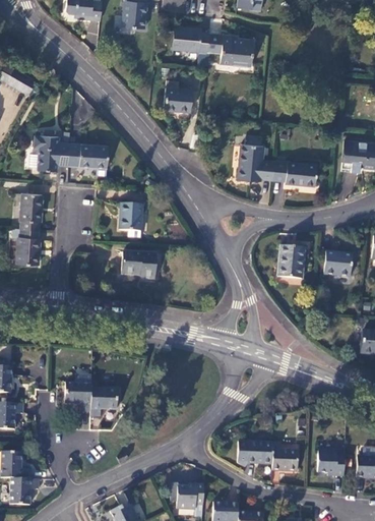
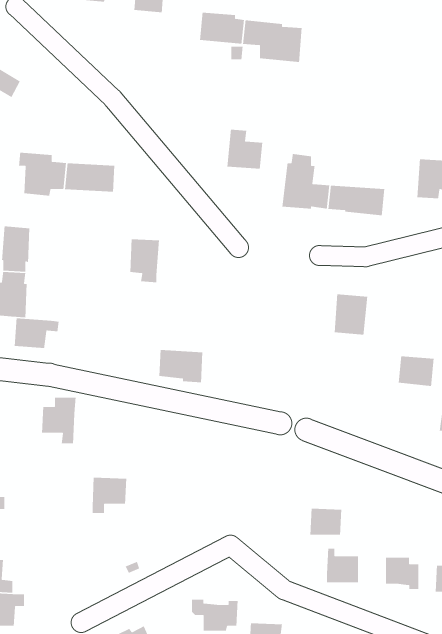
building: [165,79,193,111] -> [226,129,263,170]
building: [122,251,157,278] -> [159,349,203,383]
building: [324,251,353,276] -> [398,356,434,387]
building: none -> [14,318,60,349]
building: [65,374,92,411] -> [41,397,77,444]
building: [248,442,273,463] -> [309,508,342,535]

